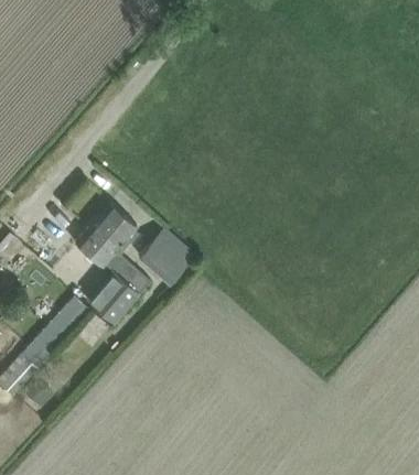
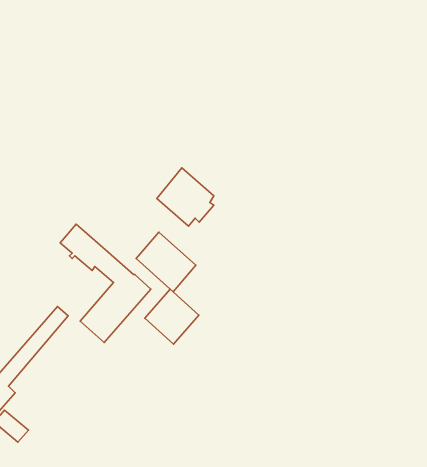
building: [88,202,136,250] -> [157,168,214,226]
building: none -> [145,289,199,344]

